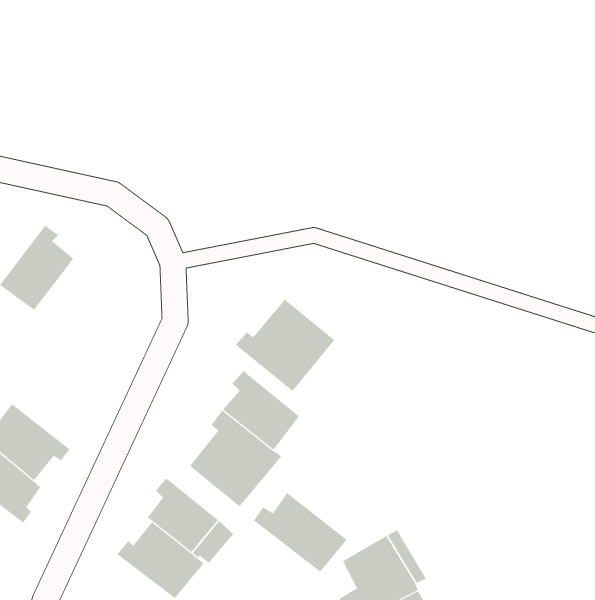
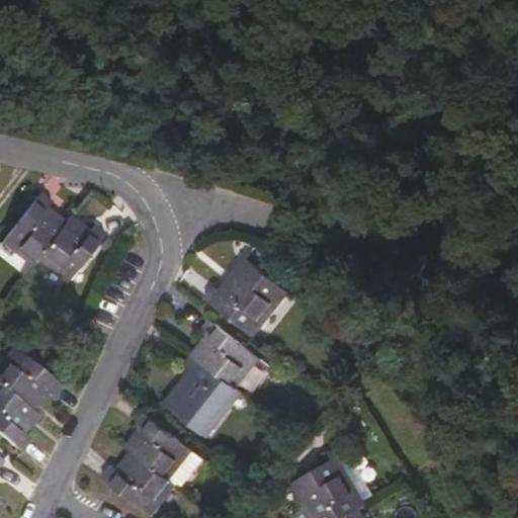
building: none -> [34,218,106,285]
building: [253,492,347,572] -> none

